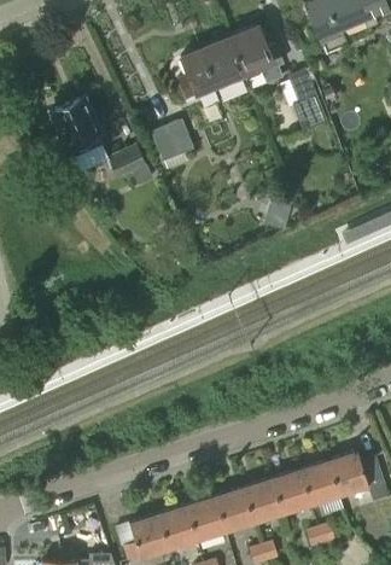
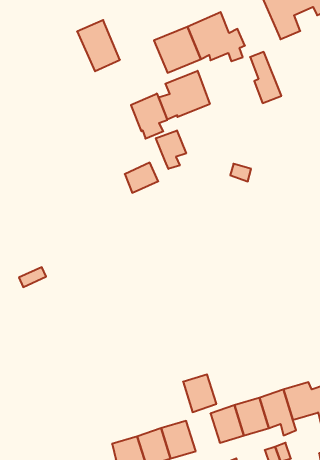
building: none -> [159,71,210,120]
building: [53,97,103,156] -> [77,20,120,71]
building: [109,144,147,179] -> [125,163,158,193]
building: none -> [156,130,186,169]
building: [216,488,255,531] -> [183,374,216,412]

